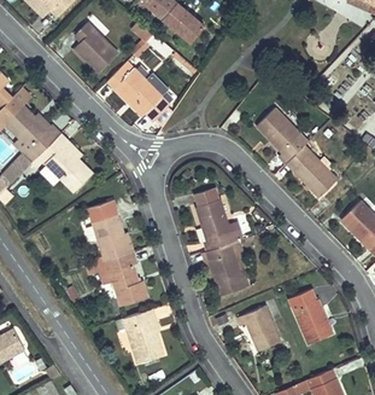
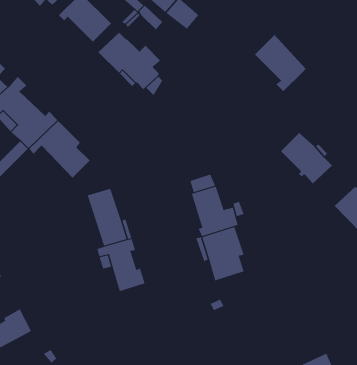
building: [254,106,307,164] -> [254,34,307,91]
building: [287,289,334,344] -> none
building: [235,306,281,352] -> none
building: [113,308,163,364] -> none

